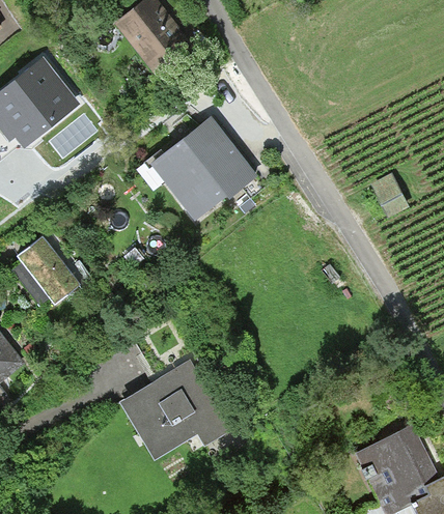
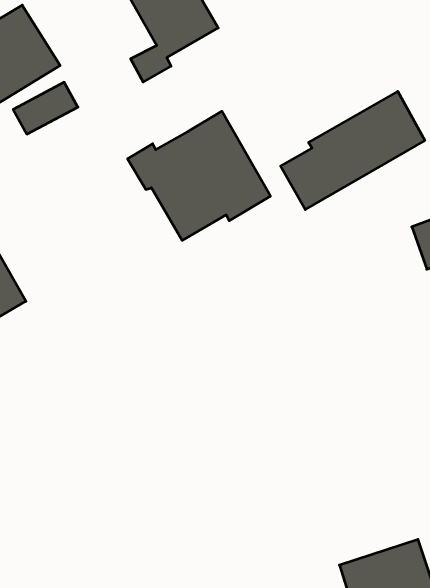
building: none -> [281,91,425,210]
building: [120,361,231,459] -> none

